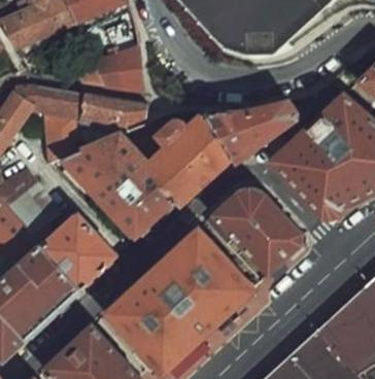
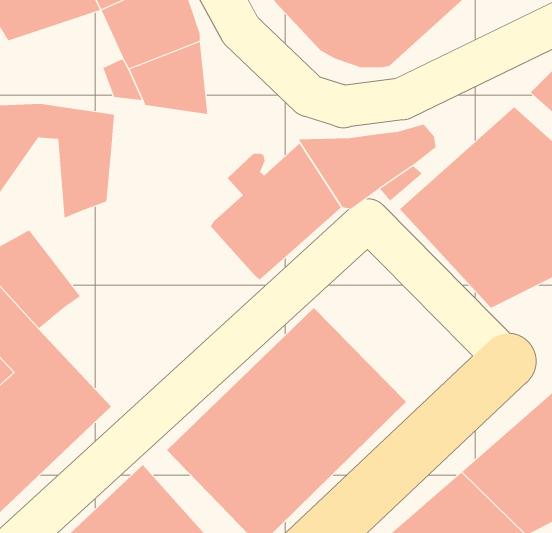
building: [78,96,143,126] -> none
building: [59,136,172,238] -> none
building: [212,193,314,286] -> none
building: [30,215,114,289] -> none

